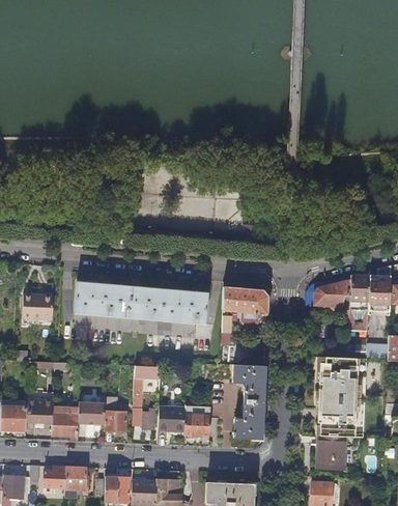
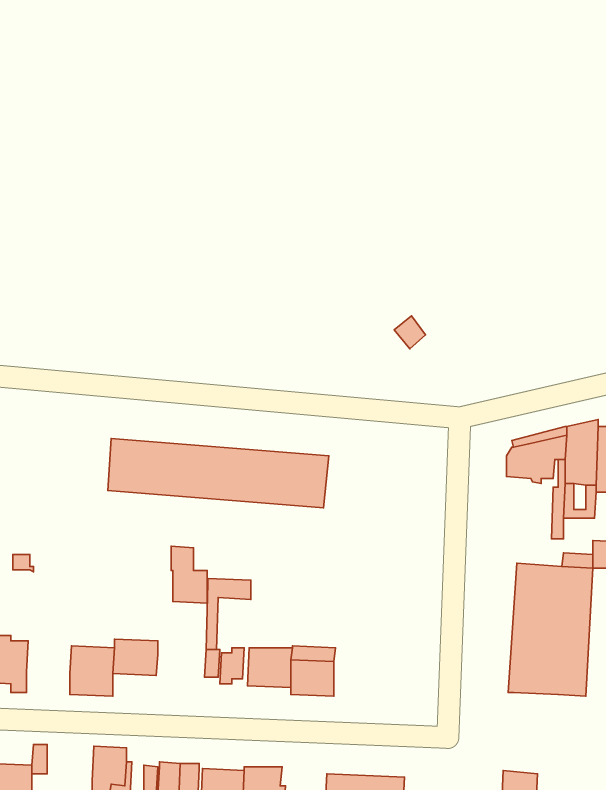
building: [222,287,267,330] -> none
building: [23,294,53,319] -> none
building: [232,365,264,439] -> none
building: [105,397,126,431] -> [171,546,207,603]
building: [26,399,53,423] -> none
building: [318,434,345,469] -> none
building: [44,467,66,487] -> none

